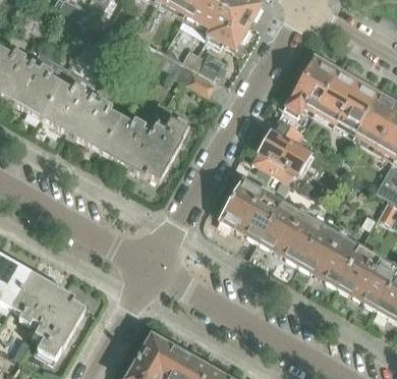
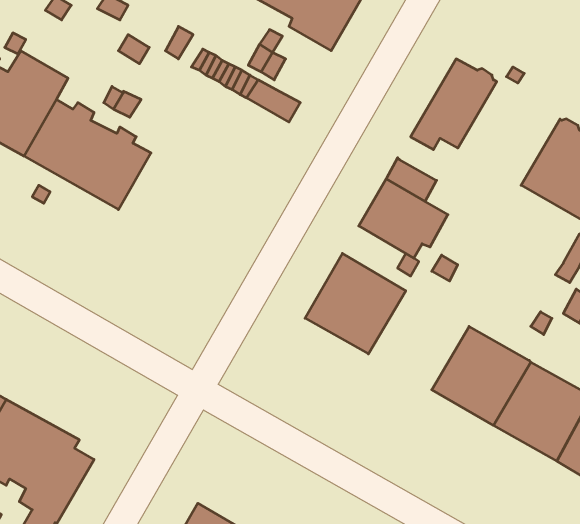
building: [315,68,379,133] -> none
building: [101,99,191,178] -> none
building: [259,200,322,262] -> none

